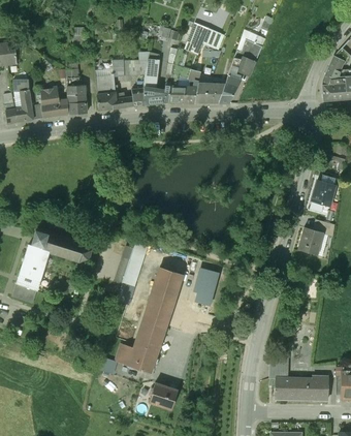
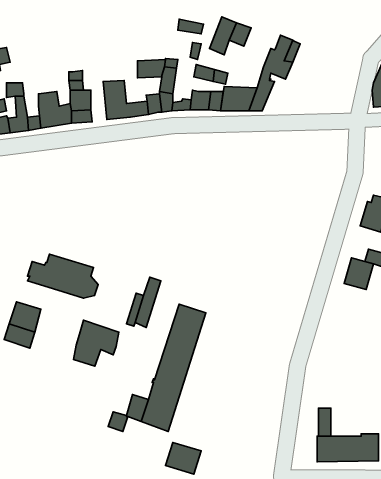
building: [22,246,49,271] -> none
building: [194,270,218,310] -> none
building: none -> [74,320,119,366]

